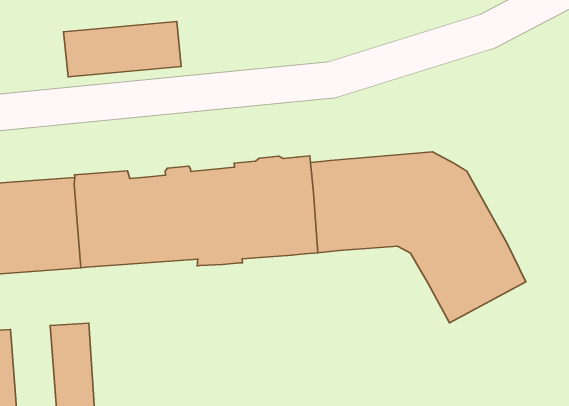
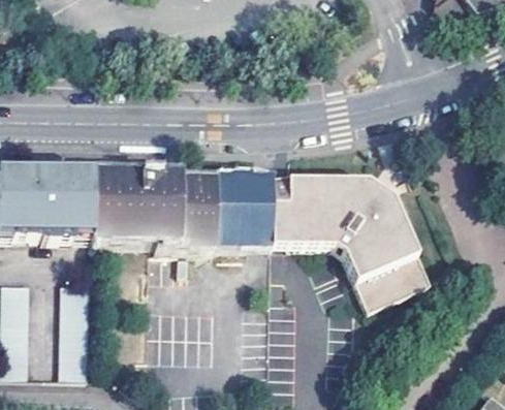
building: [63,22,181,77] -> none

